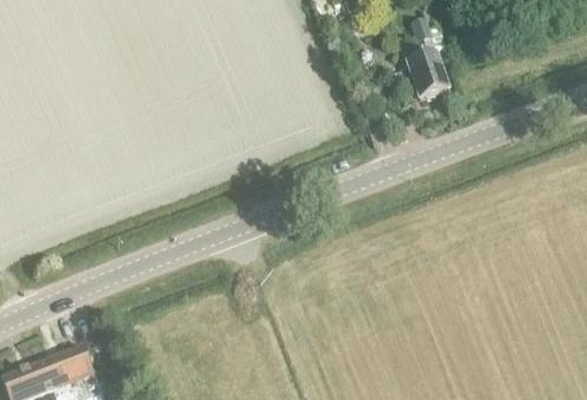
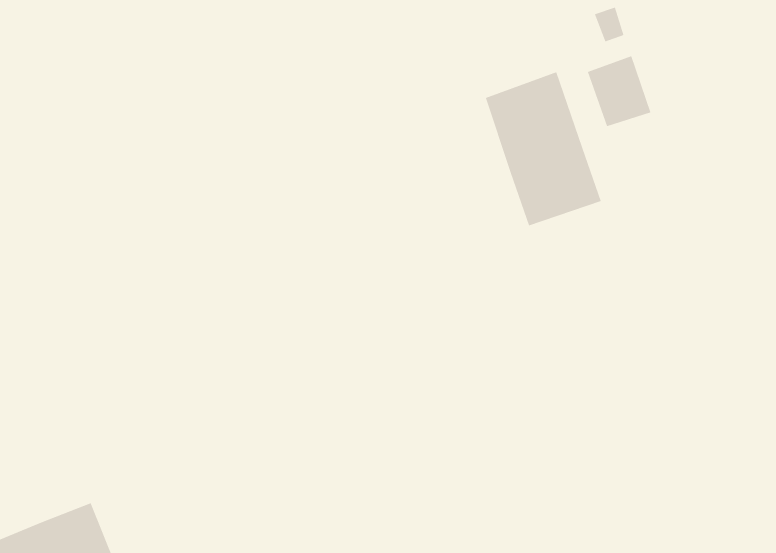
building: none -> [485,71,602,226]

